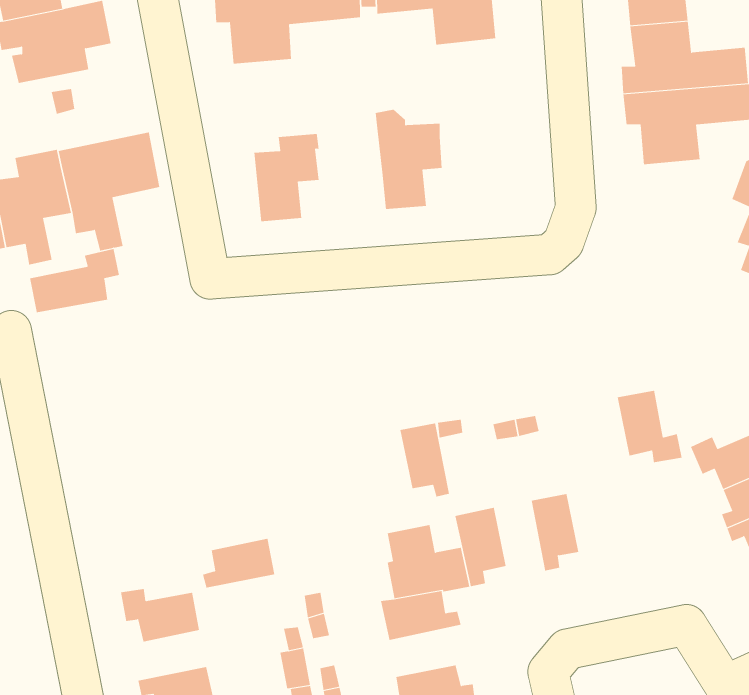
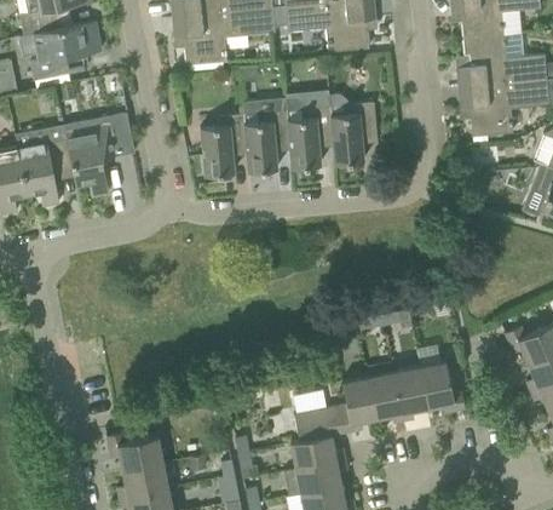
building: none -> [329,93,378,164]
building: none -> [243,102,289,172]
building: [29,248,120,313] -> none
building: [617,390,683,463] -> [419,361,465,412]
building: [400,423,450,497] -> [368,371,403,423]
building: [202,538,275,588] -> [116,462,167,497]
building: none -> [294,458,346,494]

